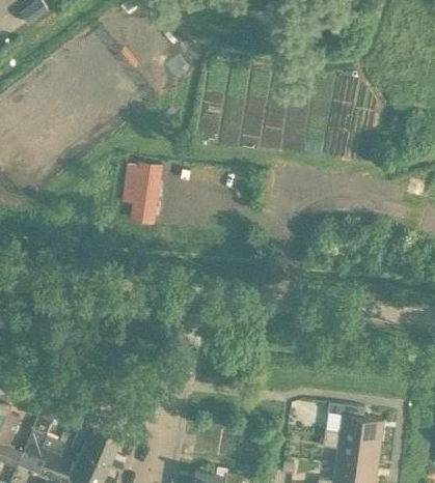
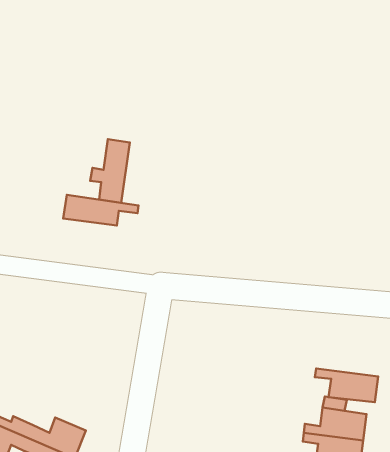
building: none -> [63,195,139,225]
building: none -> [315,368,378,402]

